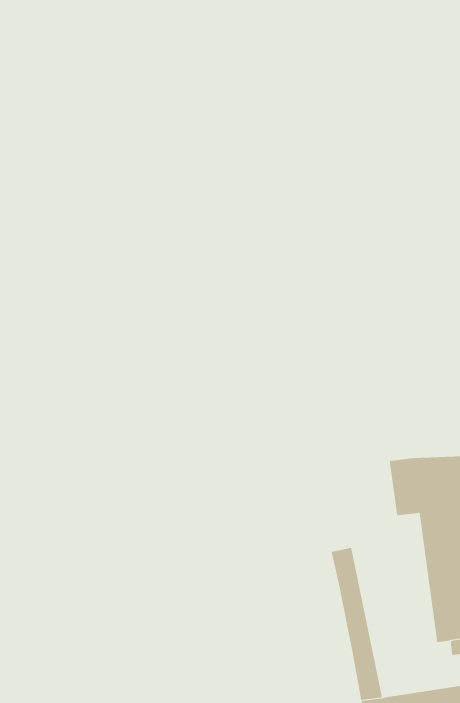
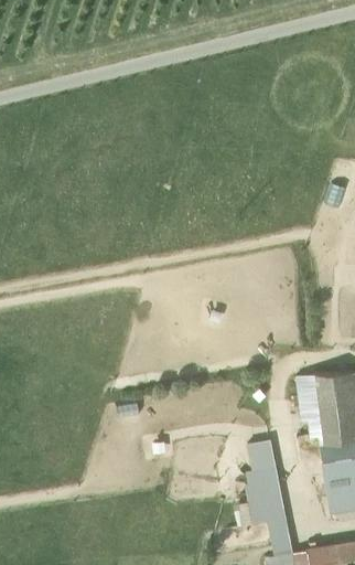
building: none -> [247,469,268,522]

